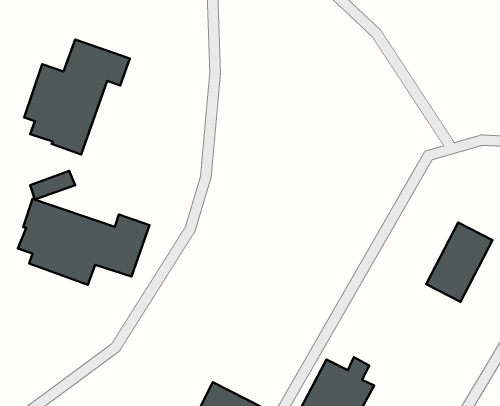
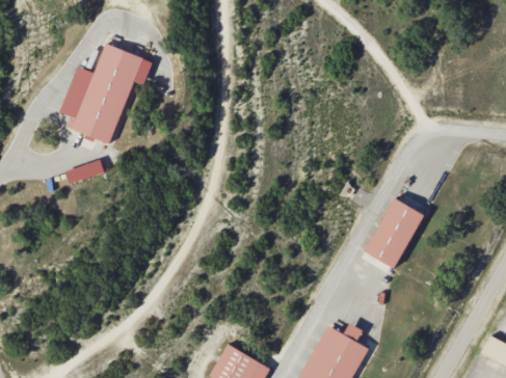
building: [18,199,149,285] -> none
building: [426,222,493,302] -> [365,199,423,269]

